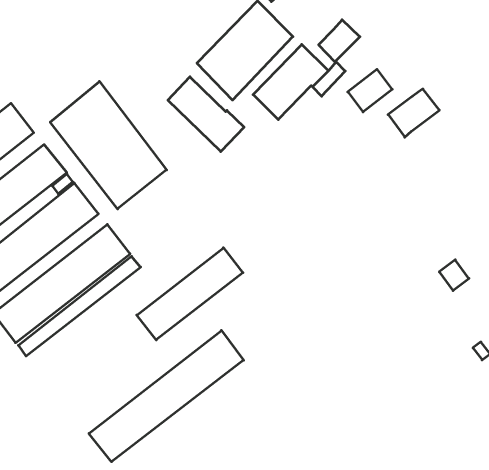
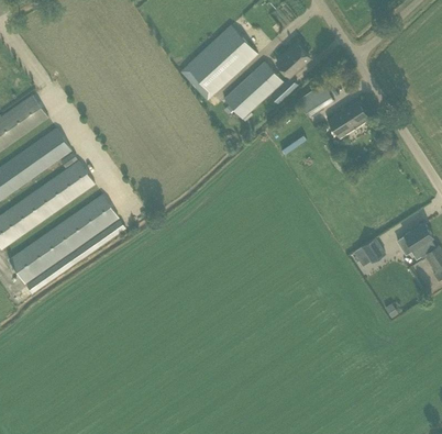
building: [168,77,244,152] -> none
building: [50,81,167,209] -> none
building: [137,248,243,340] -> none
building: [89,330,244,462] -> none

